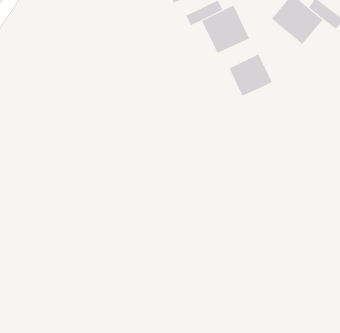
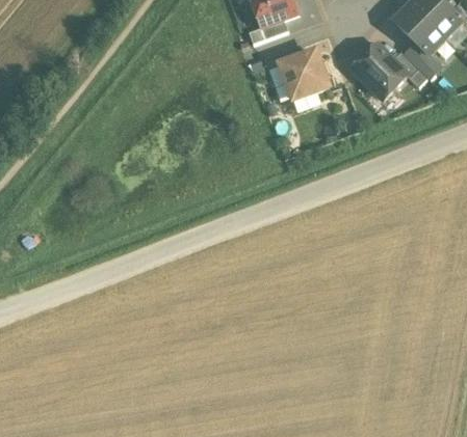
building: [229,53,273,97] -> none

